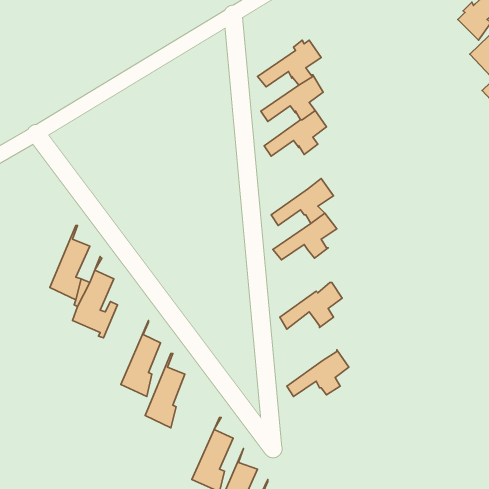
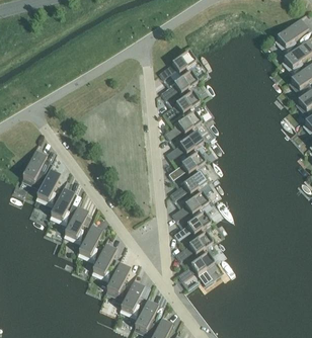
building: none -> [165,112,202,140]
building: none -> [23,142,50,185]
building: none -> [170,173,208,200]
building: none -> [65,197,89,241]
building: none -> [174,214,211,240]
building: none -> [107,253,131,297]
building: none -> [178,253,215,284]

